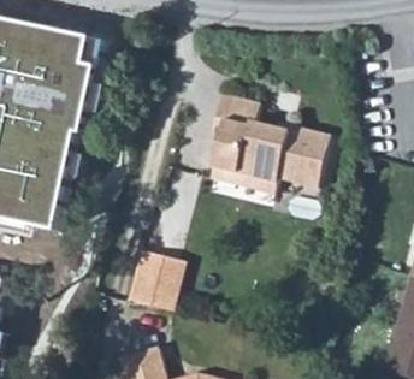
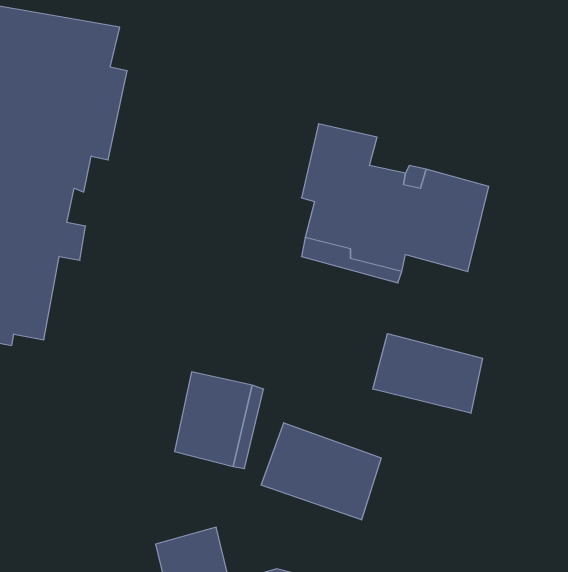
building: none -> [373,334,482,413]
building: none -> [261,423,381,520]

